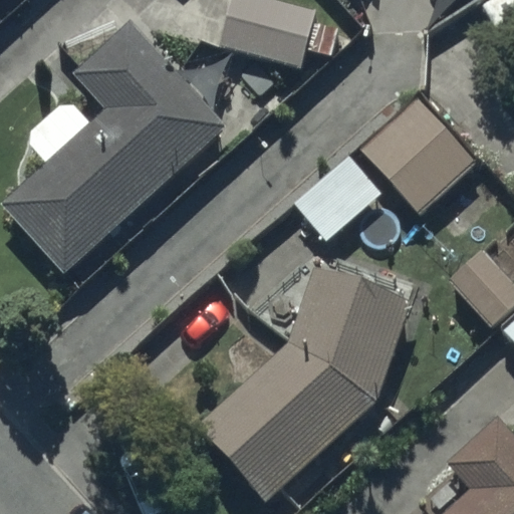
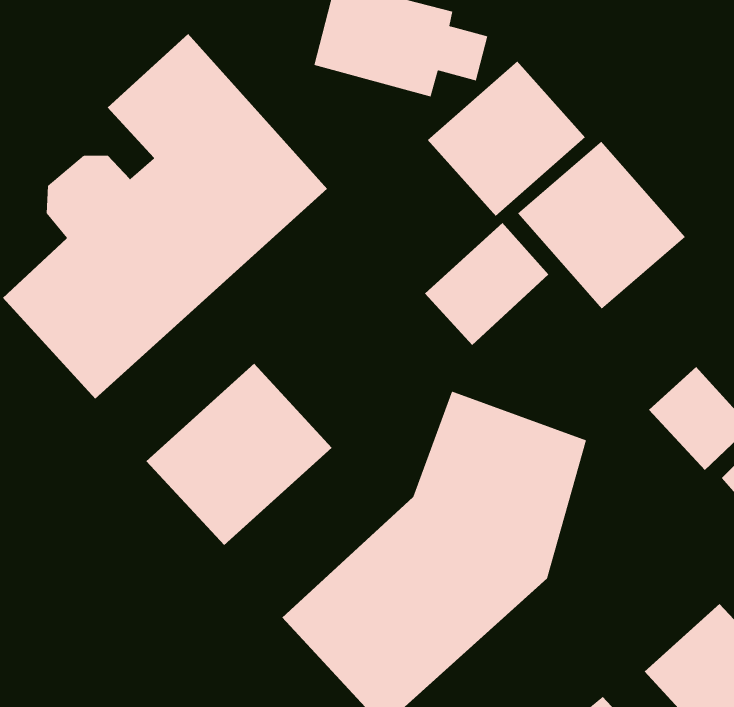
building: none -> [427,61,586,217]
building: none -> [146,363,333,546]

